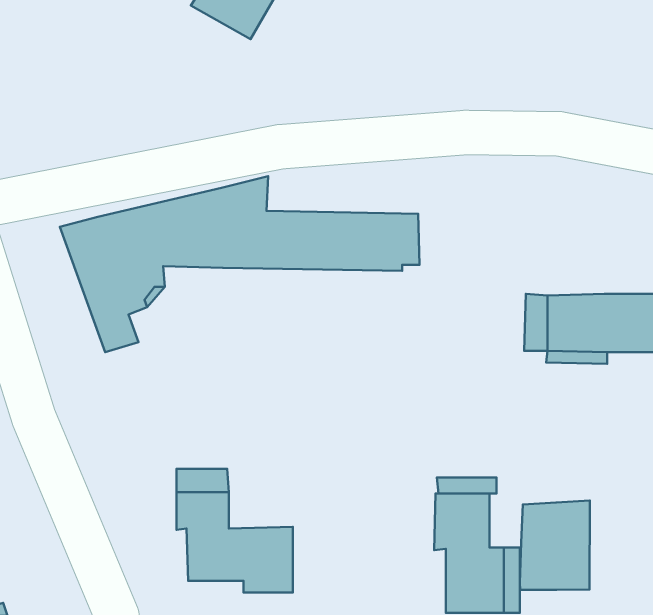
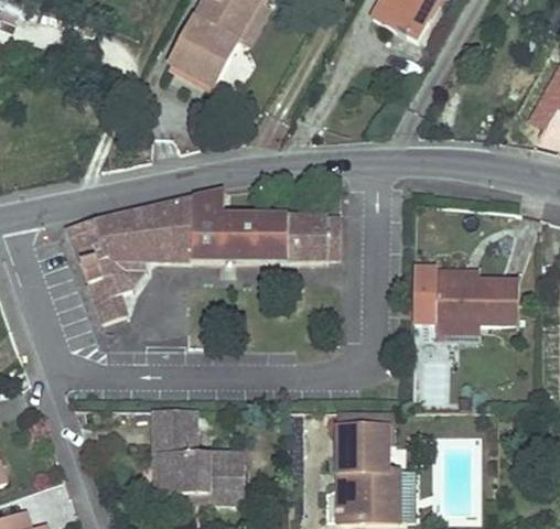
building: [520,501,590,590] -> none

